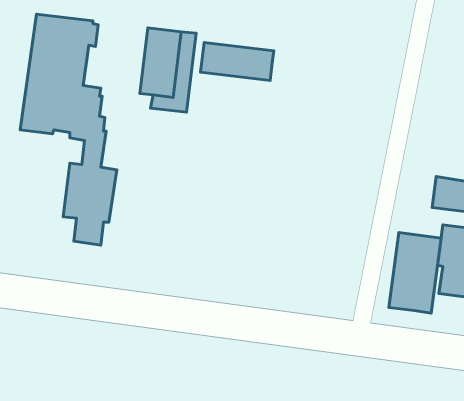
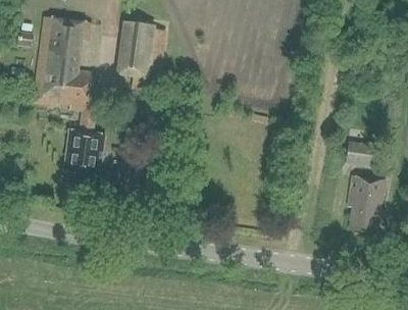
building: [201,42,274,81] -> none
building: [389,232,441,313] -> none

